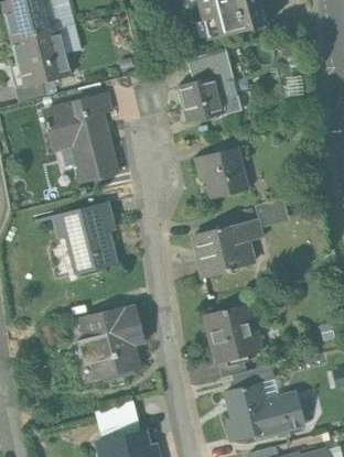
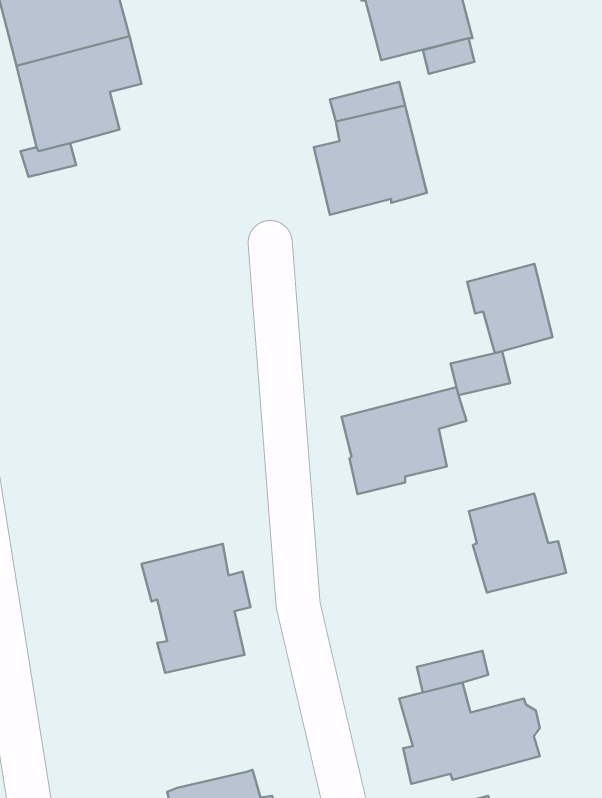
building: [43,94,116,182] -> none
building: [196,148,244,197] -> [467,264,552,353]
building: [60,208,116,278] -> none
building: [206,305,260,360] -> [469,493,566,593]
building: [94,400,140,440] -> none

